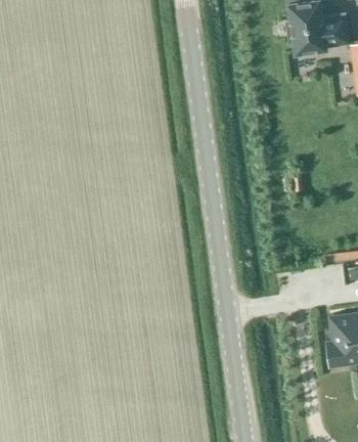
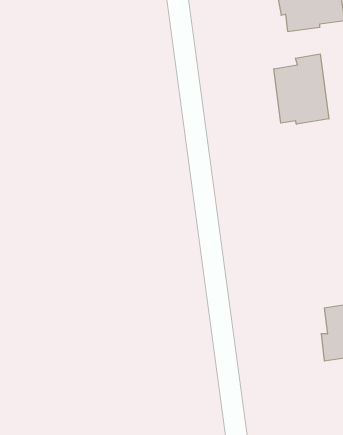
building: none -> [274,54,329,124]

